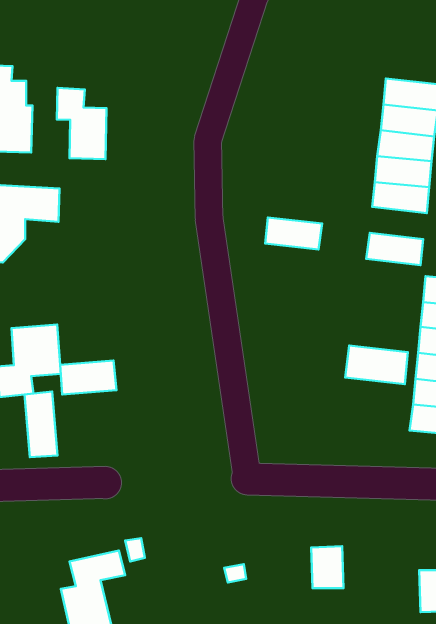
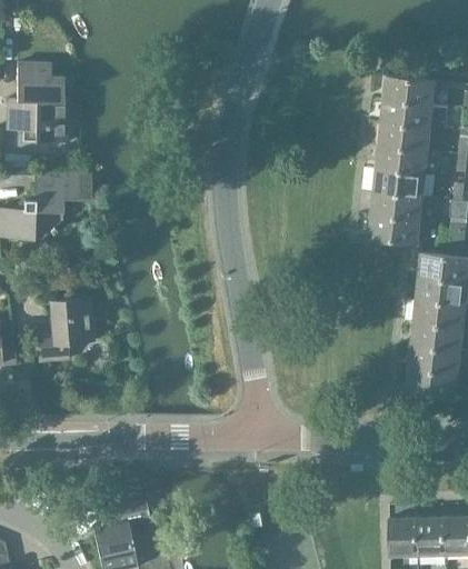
building: [57,88,107,159] -> none
building: [265,217,322,250] -> [371,191,422,220]
building: [345,345,408,384] -> none
building: [60,360,117,394] -> none
building: [25,391,57,457] -> none
building: [311,546,343,588] -> [388,518,417,556]

